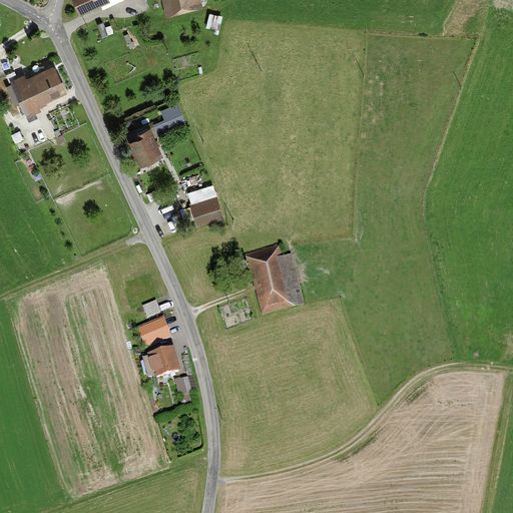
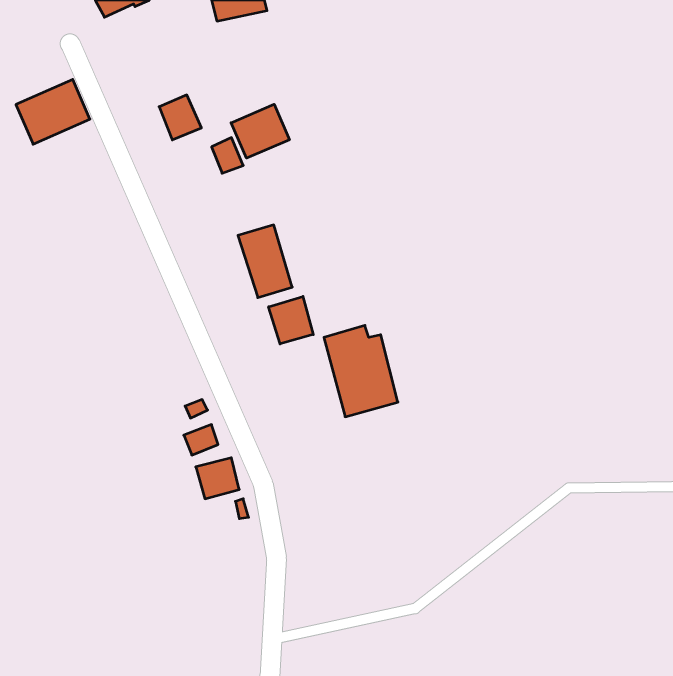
building: none -> [231,104,289,158]
building: [129,127,161,161] -> [159,95,201,140]
building: none -> [269,296,313,344]

